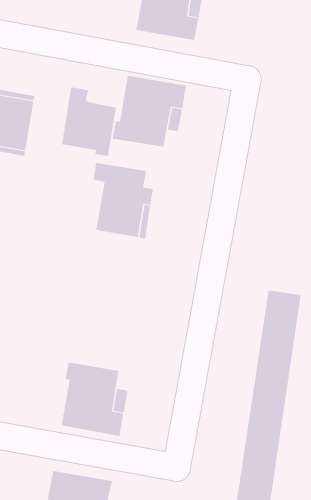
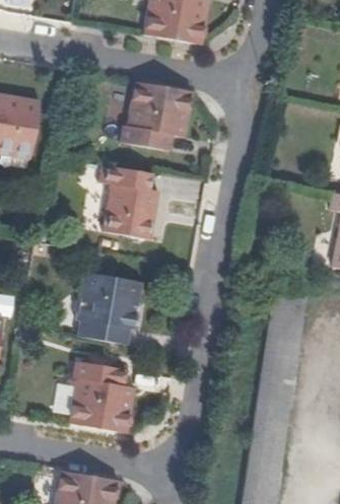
building: [61,87,116,157] -> none
building: none -> [75,272,143,345]

